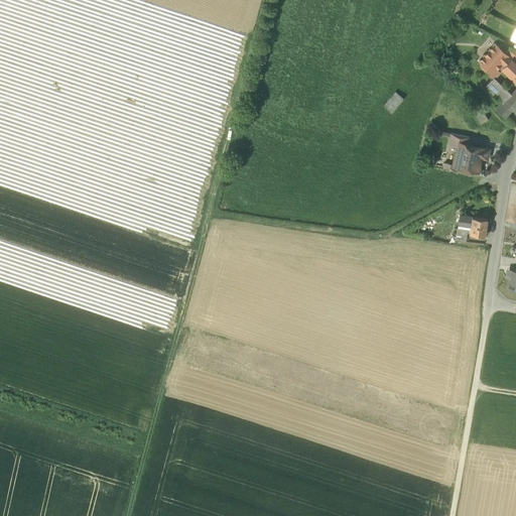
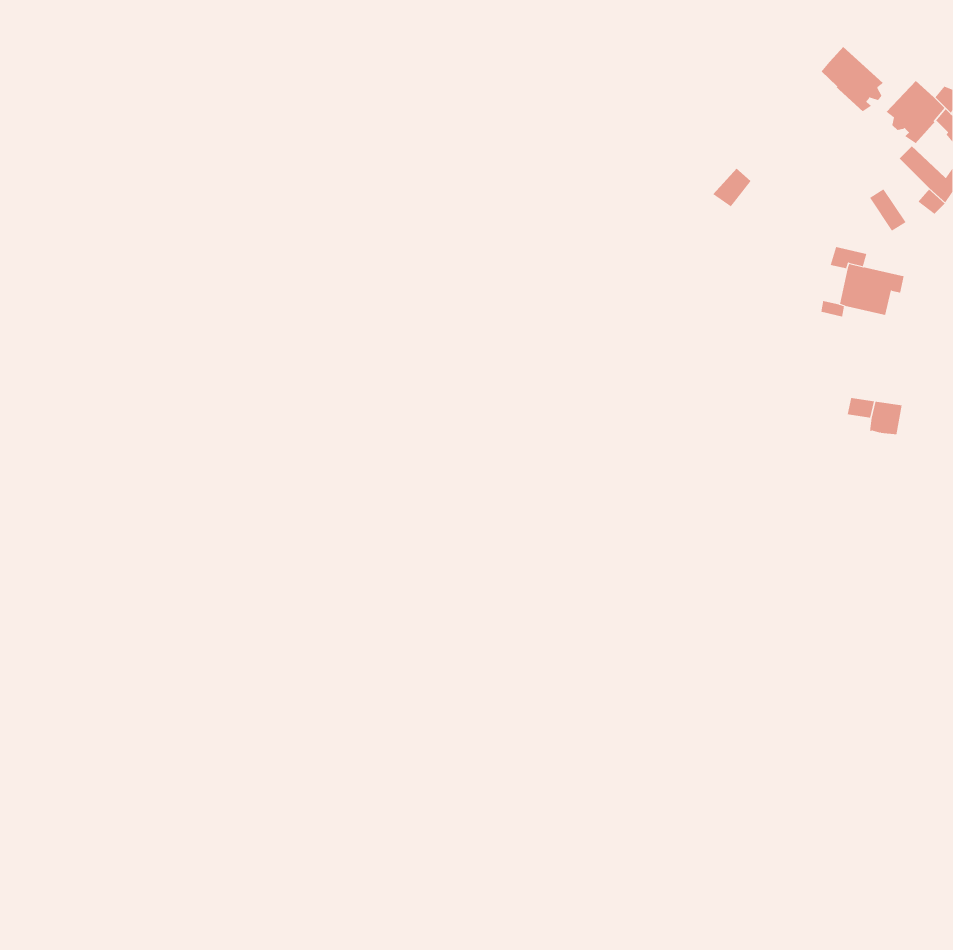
building: none -> [821,46,884,112]

